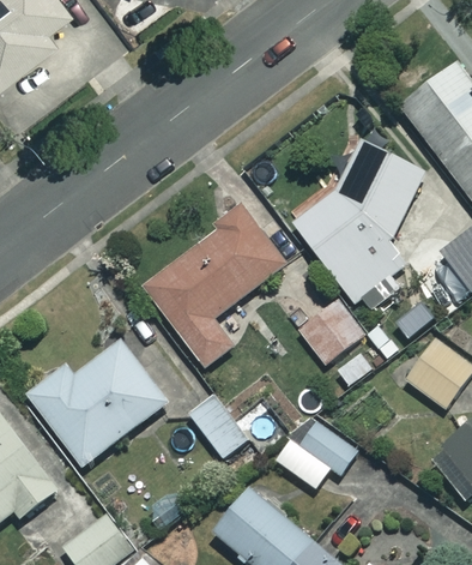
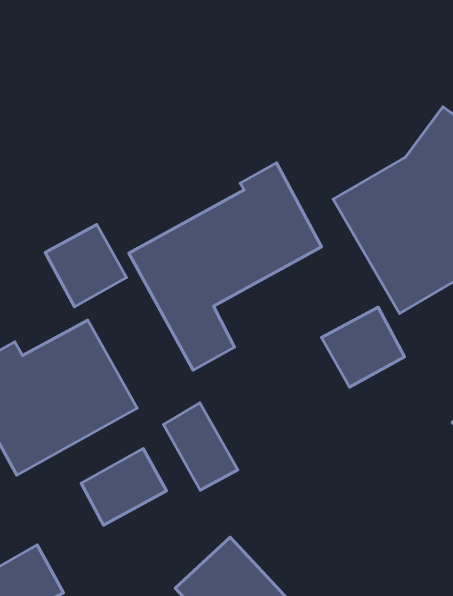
building: none -> [45,225,127,307]
building: [274,419,357,488] -> none
building: none -> [81,448,167,525]

